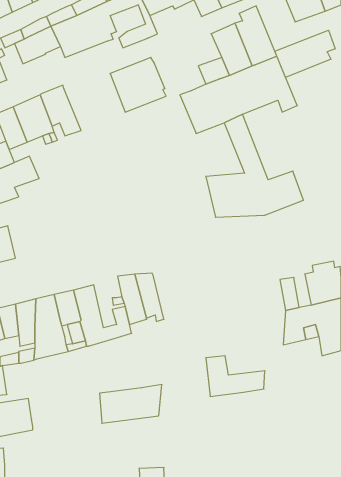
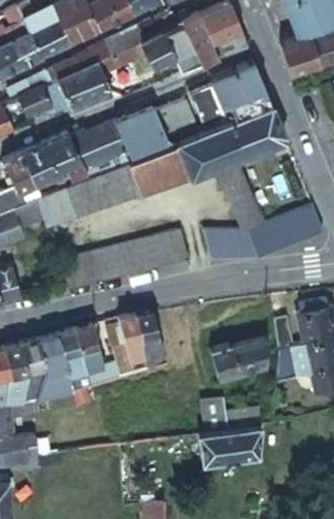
building: [275,30,335,77] -> none
building: none -> [154,99,193,136]
building: none -> [67,122,126,176]
building: none -> [39,142,194,233]
building: none -> [287,205,324,244]
building: none -> [61,232,187,292]
building: none -> [209,337,265,377]
building: [100,385,162,423] -> [199,425,259,462]

